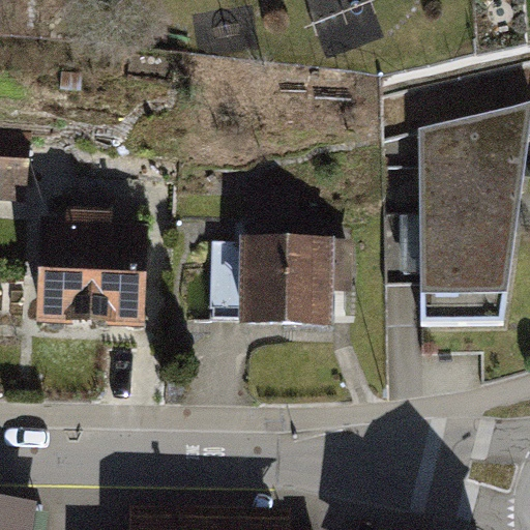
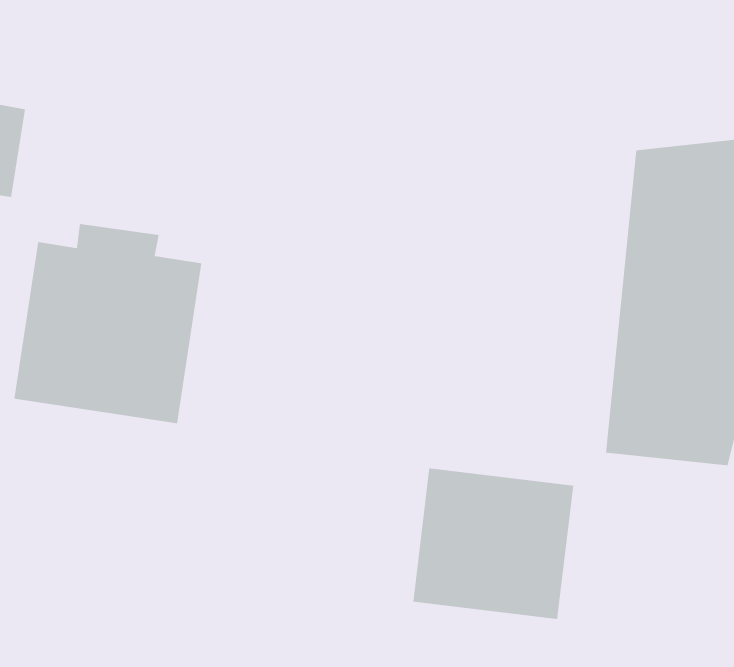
building: [246,246,340,332] -> [412,468,574,620]

